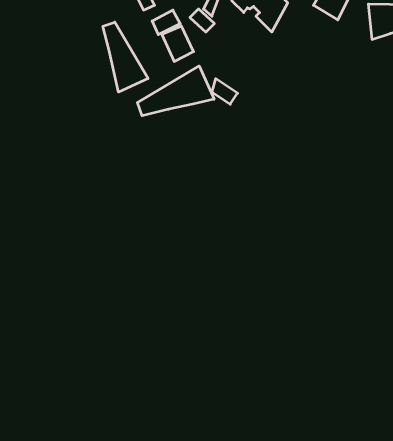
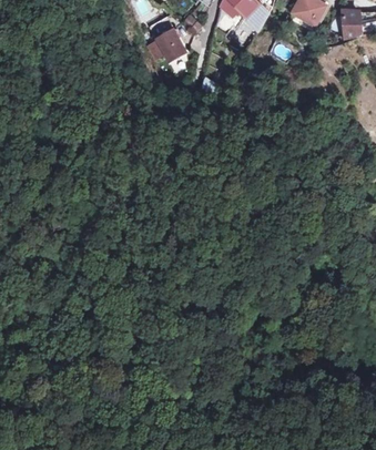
building: [103,22,148,92] -> none
building: [137,66,214,116] -> none

